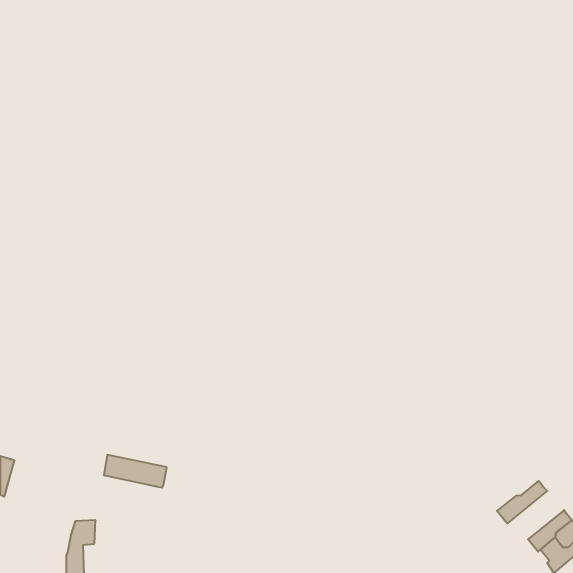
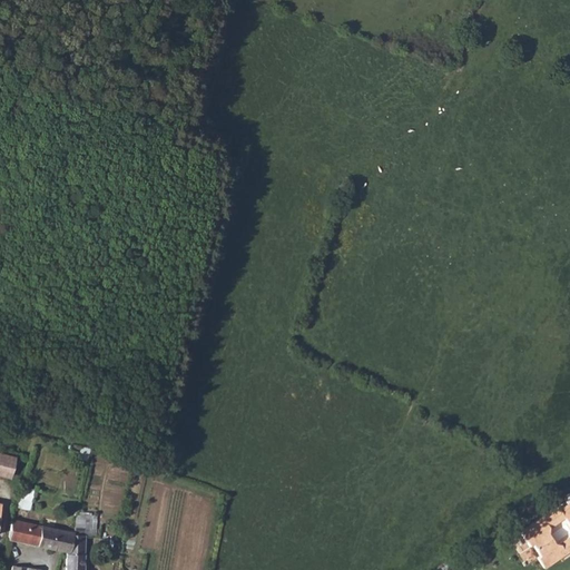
building: [104,455,167,488] -> [9,519,71,551]
building: [497,481,547,523] -> none

